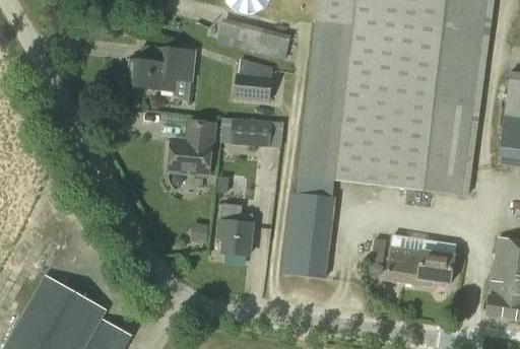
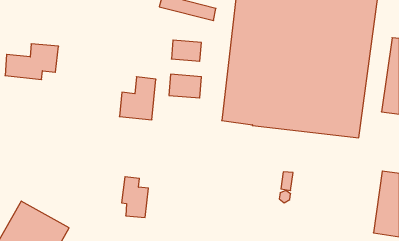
building: [128,46,195,90] -> [5,44,59,80]
building: [281,175,335,279] -> none
building: [218,204,252,255] -> [122,177,148,217]
building: [386,235,454,285] -> none

